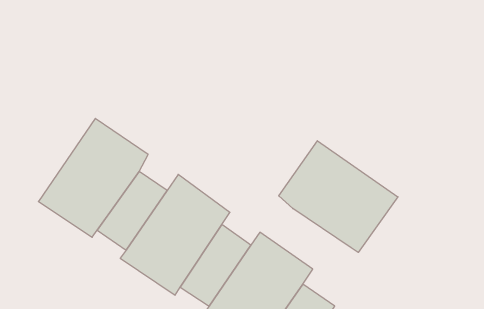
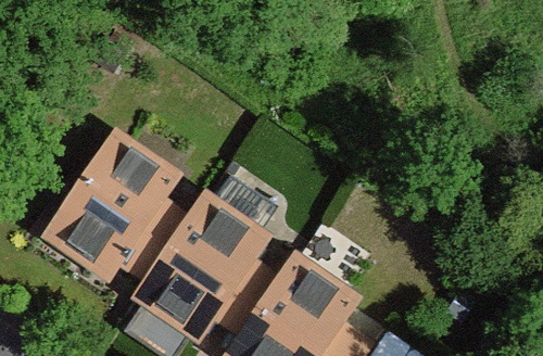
building: [279,141,398,252] -> none

